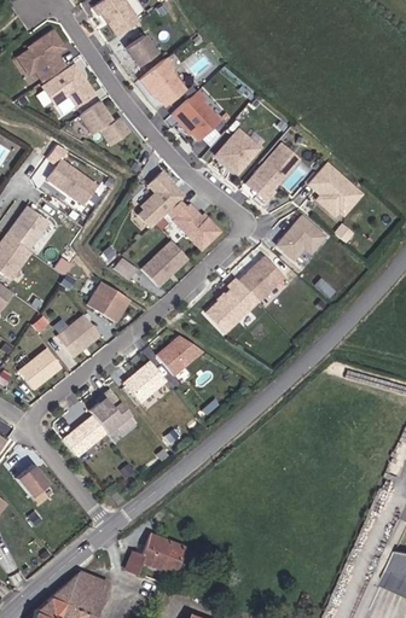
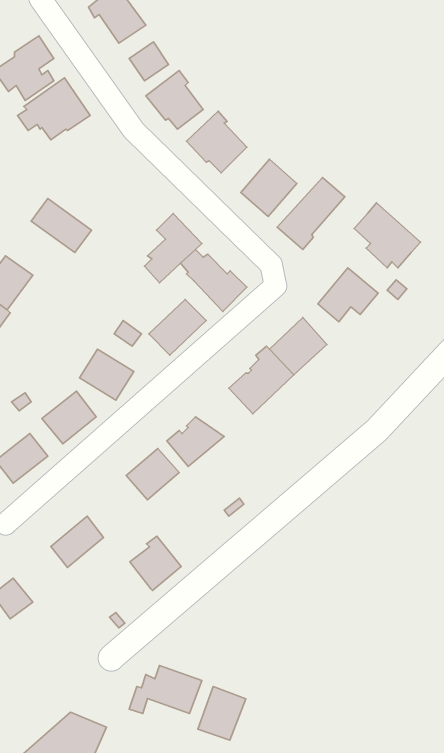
building: [79,104,129,146] -> none
building: [88,390,129,433] -> [130,536,181,590]
building: none -> [198,686,246,740]

